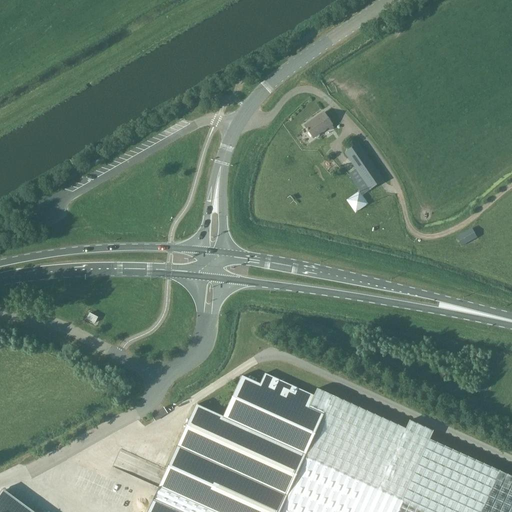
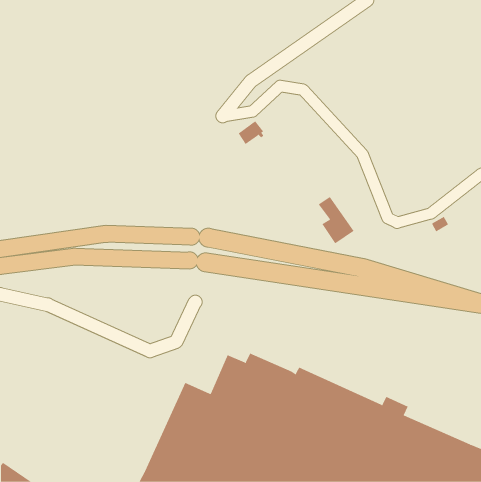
building: [306,112,334,138] -> [238,120,264,145]
building: [345,144,384,195] -> [318,196,355,244]

